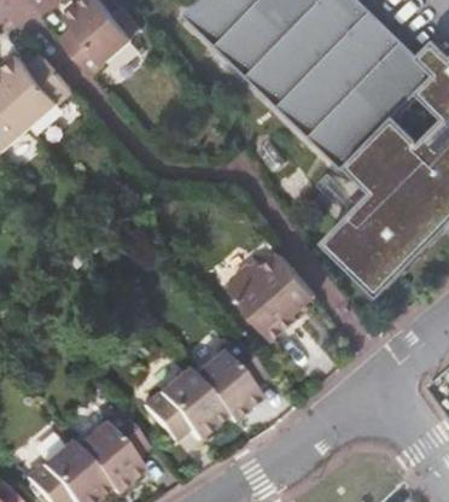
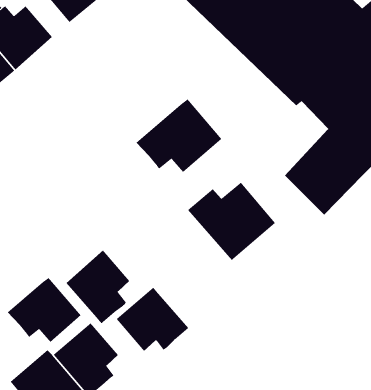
building: none -> [135,99,222,173]
building: [191,338,263,421] -> [65,250,130,324]
building: none -> [7,277,81,343]

